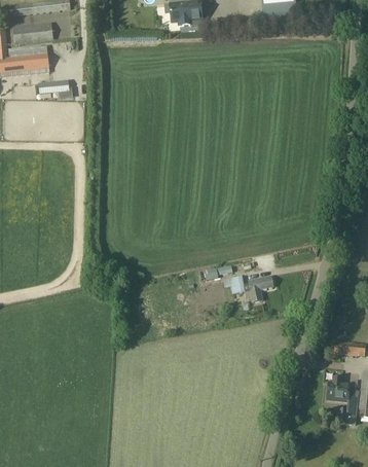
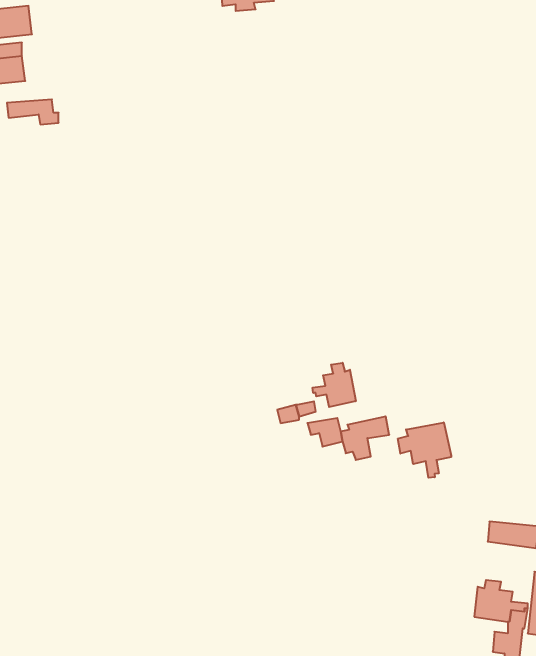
building: none -> [313,363,356,407]
building: none -> [398,422,451,478]

